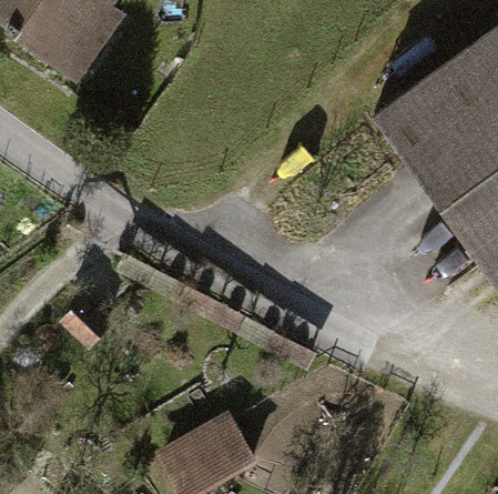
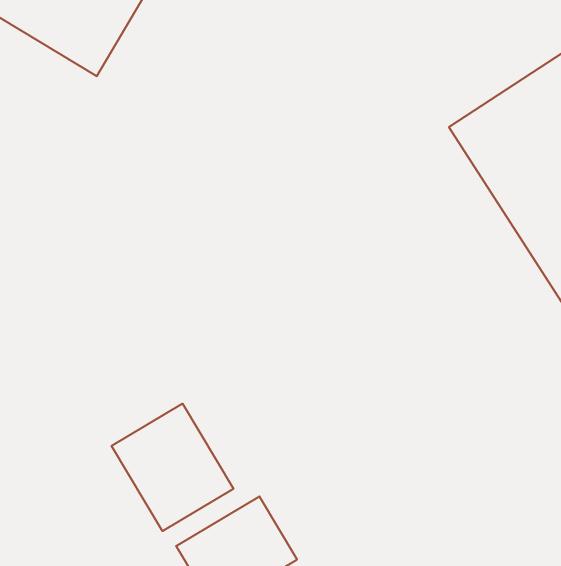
building: none -> [112,404,233,531]

